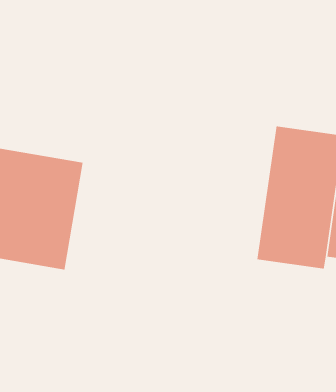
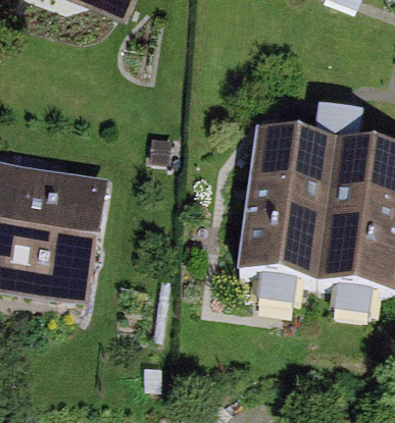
building: none -> [226,130,312,281]

